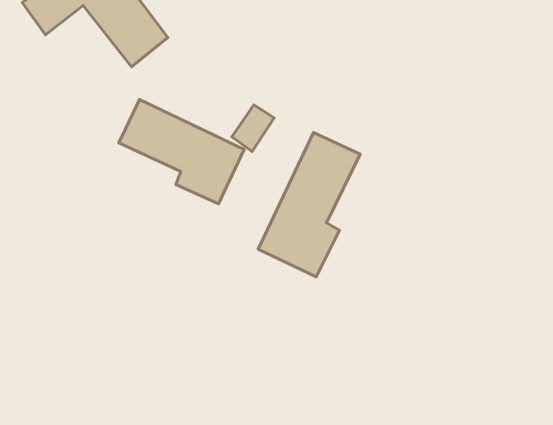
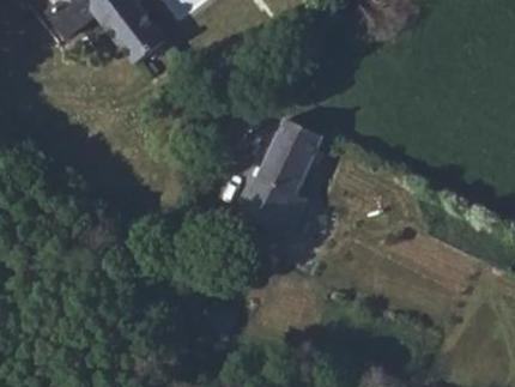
building: [119,100,244,204] -> none

